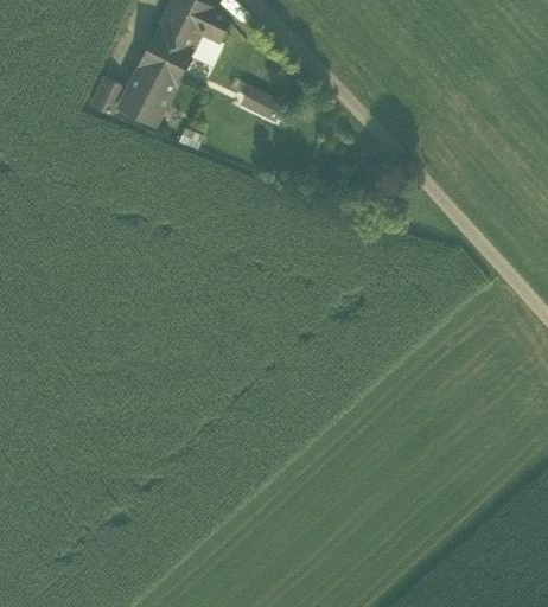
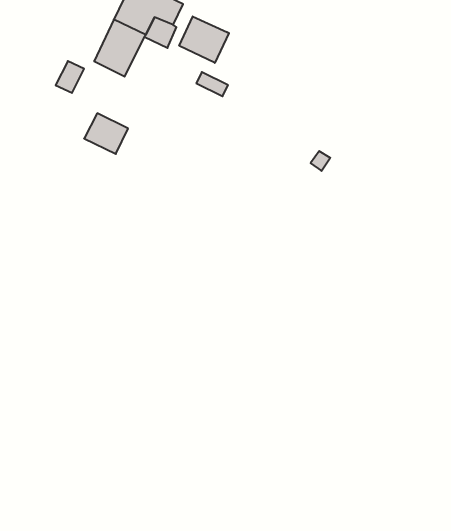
building: none -> [179,16,229,63]
building: [119,79,166,123] -> [84,113,128,154]

